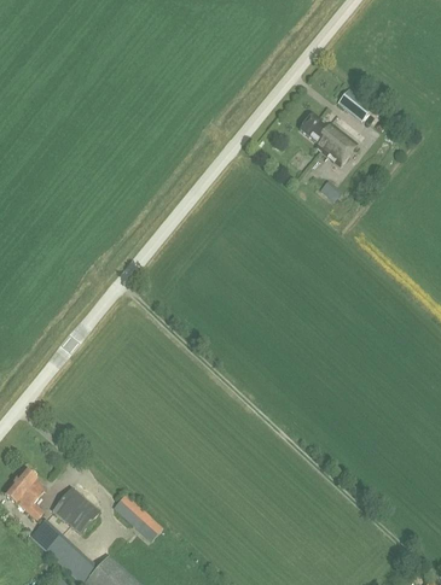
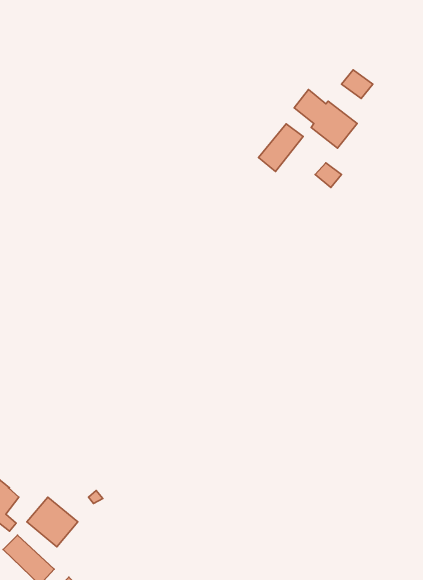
building: none -> [258,124,303,172]
building: [114,493,162,540] -> none

